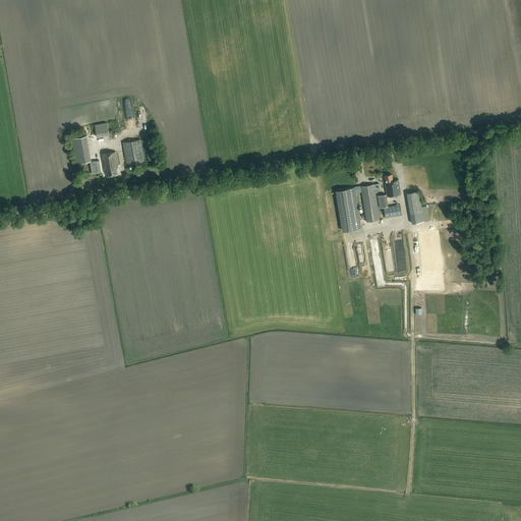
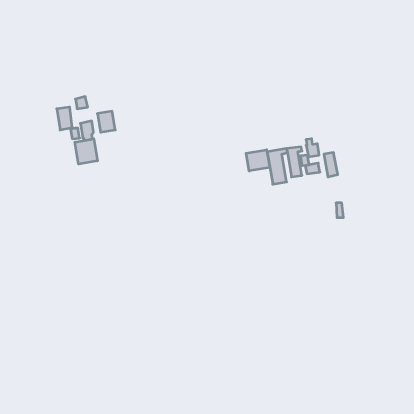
building: none -> [75,139,97,164]
building: none -> [246,150,270,171]

